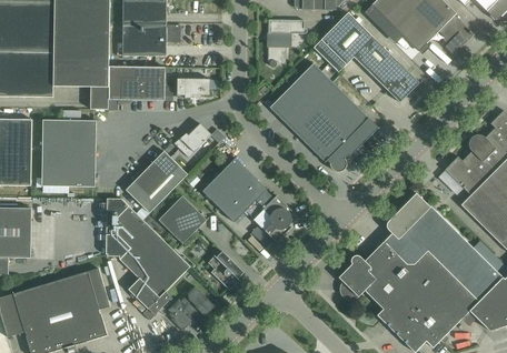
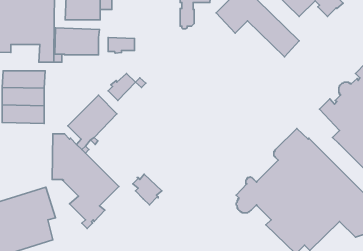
building: [271,64,379,172] -> none
building: [202,158,292,248] -> none
building: [158,195,207,244] -> none
building: [168,285,215,331] -> none

